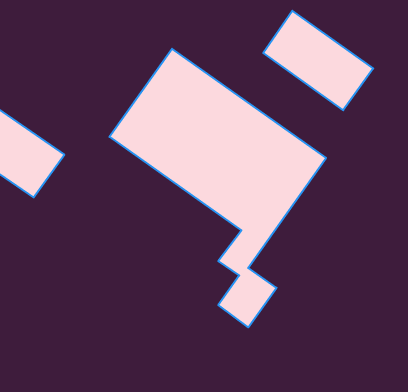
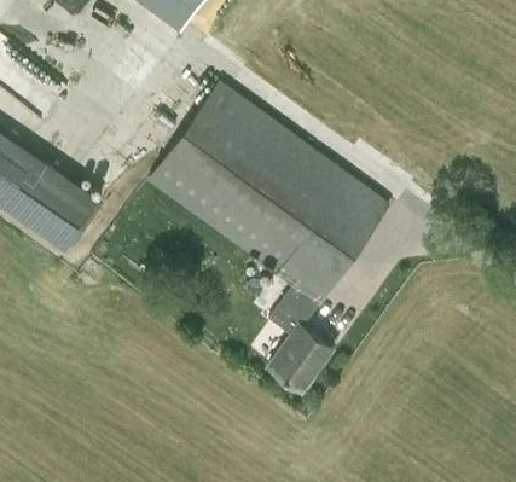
building: [263,11,373,110] -> none

